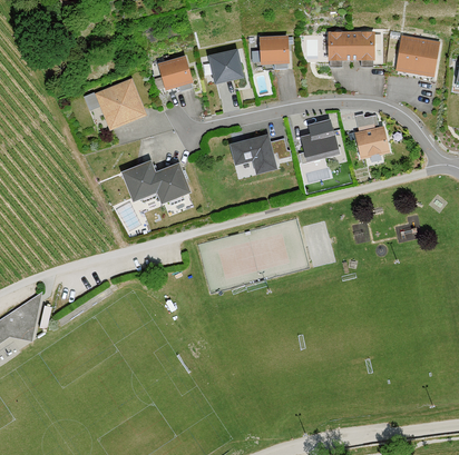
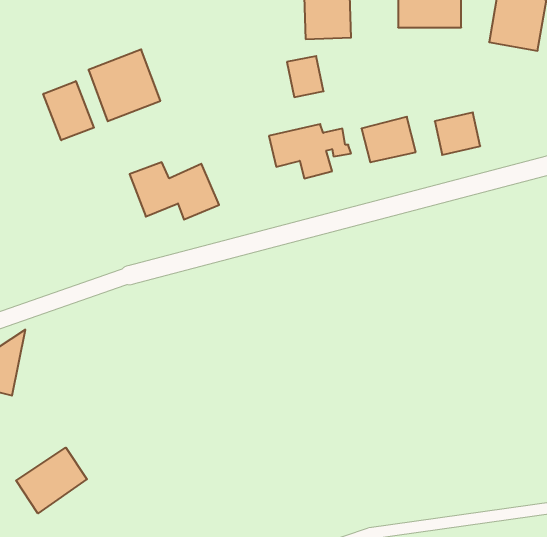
building: [209,50,237,81] -> [287,56,324,97]
building: [156,55,193,91] -> none
building: none -> [43,81,94,140]
building: none -> [16,448,87,513]

